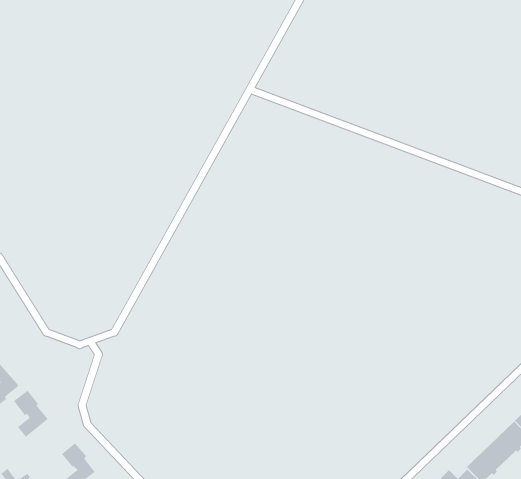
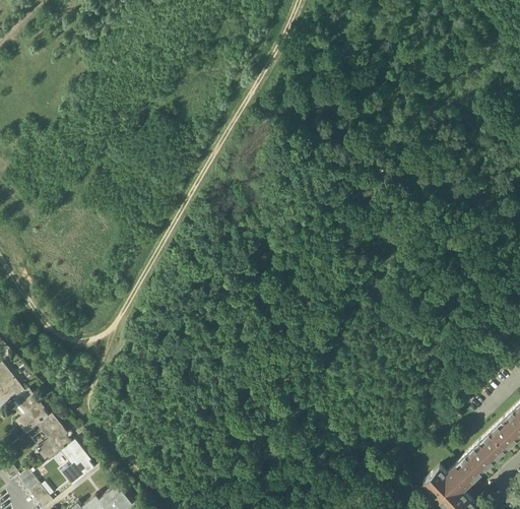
building: none -> [38,417,72,463]

